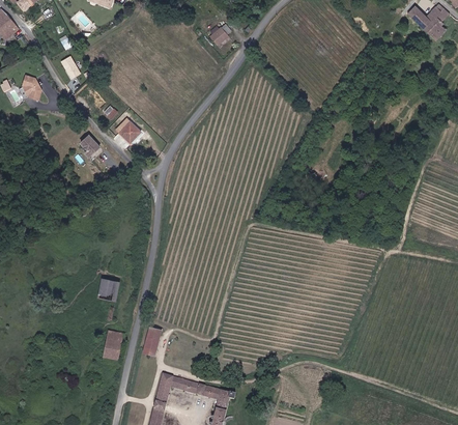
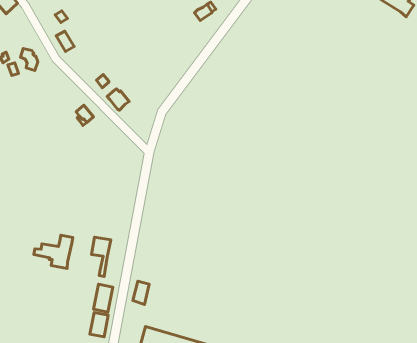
building: none -> [34,235,73,269]
building: none -> [90,312,108,337]

